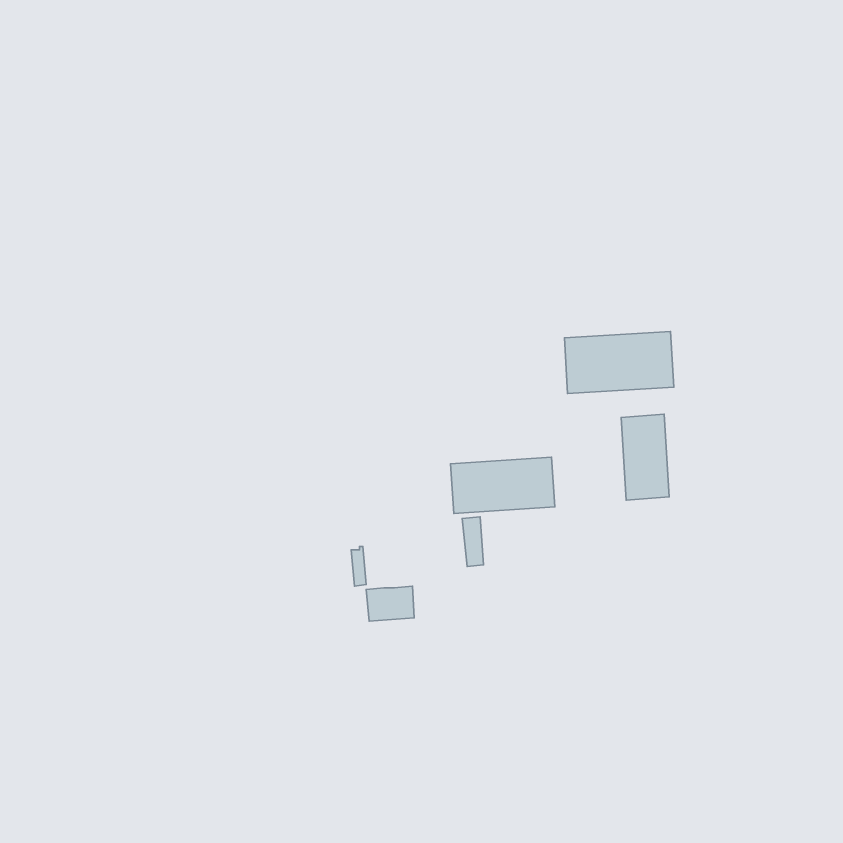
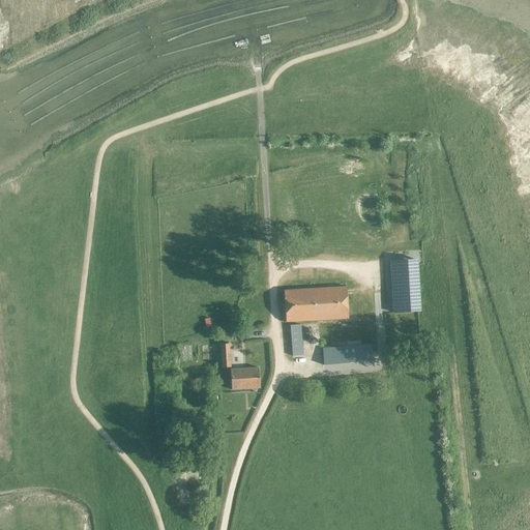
building: [564,331,674,394] -> none
building: none -> [324,344,374,364]

